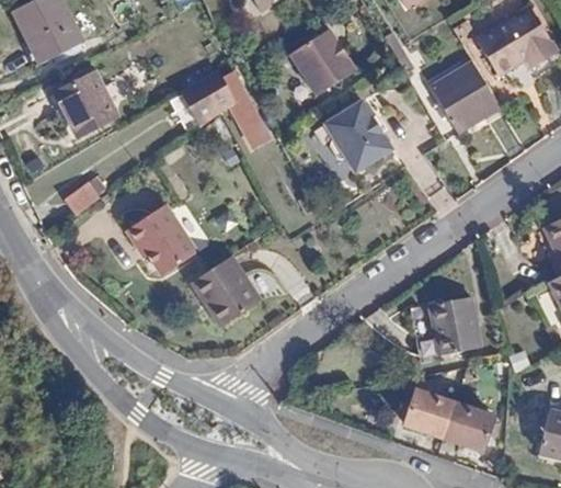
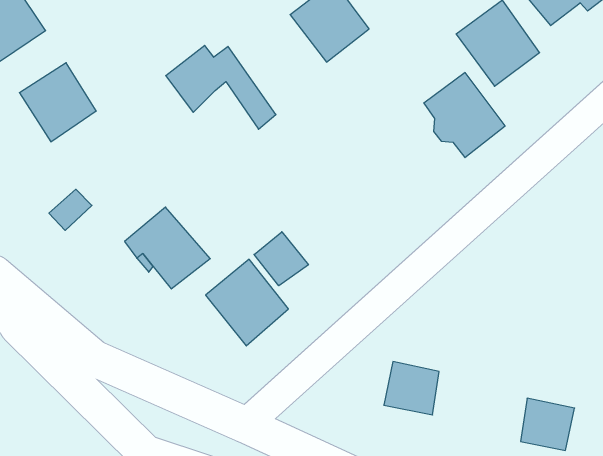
building: [322,102,389,174] -> [424,73,505,158]
building: none -> [254,232,308,286]
building: [427,296,481,355] -> none
building: [403,388,454,438] -> [384,362,439,415]

